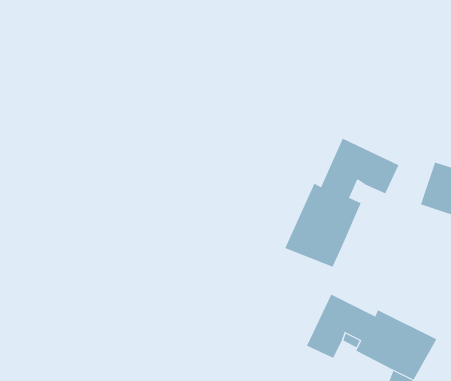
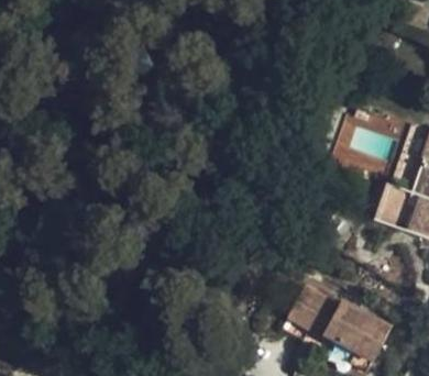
building: [284,138,399,268] -> none

